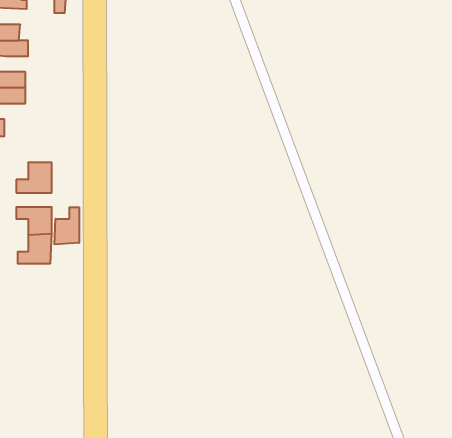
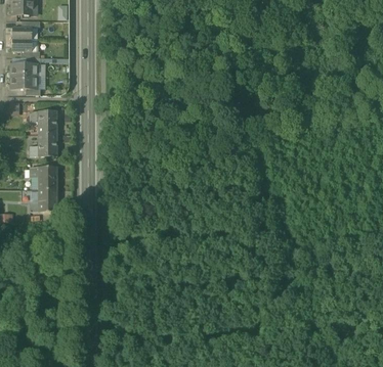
building: none -> [29,111,56,133]
building: [55,207,79,244] -> none

